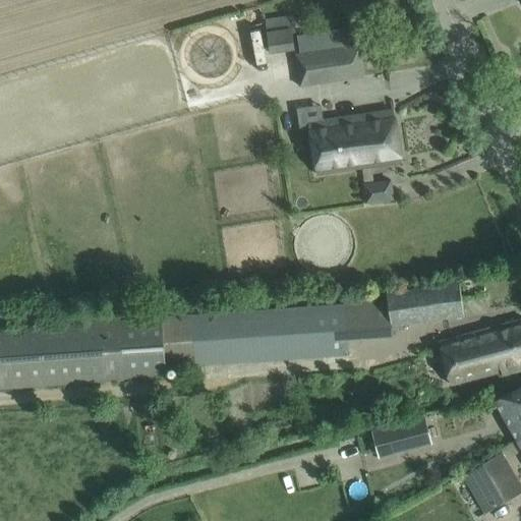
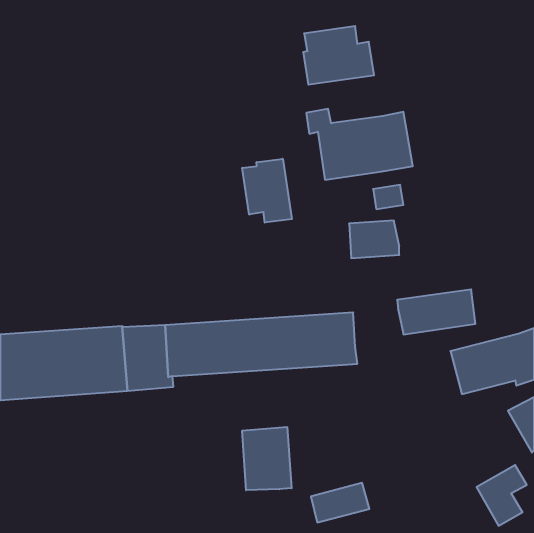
building: [265,14,295,54] -> none
building: none -> [242,159,292,223]
building: [344,302,393,339] -> [349,221,399,258]
building: none -> [242,427,292,490]
building: [373,419,430,458] -> [311,483,369,522]

